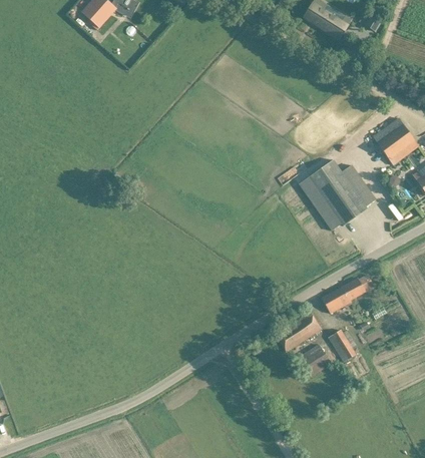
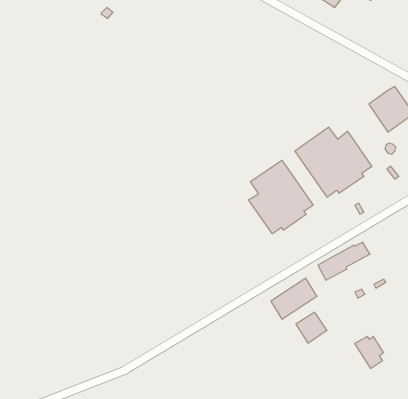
building: none -> [248,160,313,234]
building: [328,330,357,362] -> [355,336,384,368]

